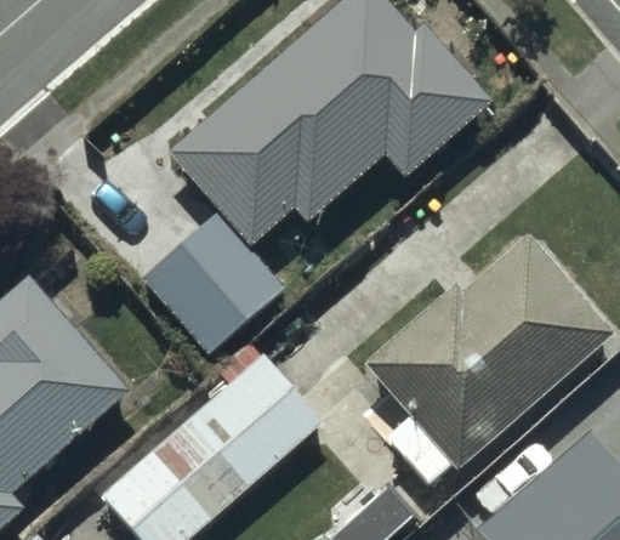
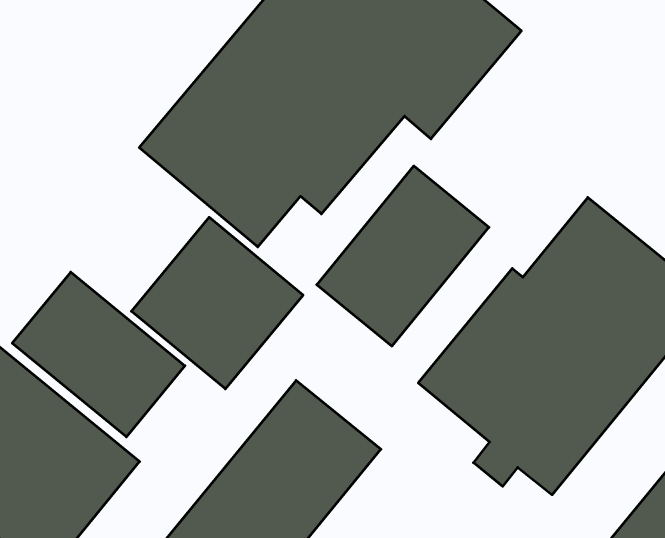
building: none -> [317,166,489,346]
building: none -> [12,272,185,437]

